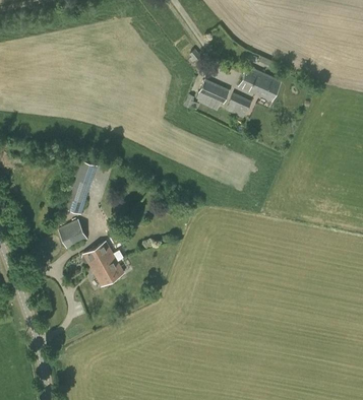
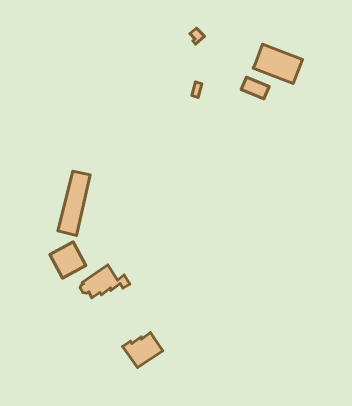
building: [198,78,230,105] -> none
building: [90,257,124,285] -> [122,332,163,367]

